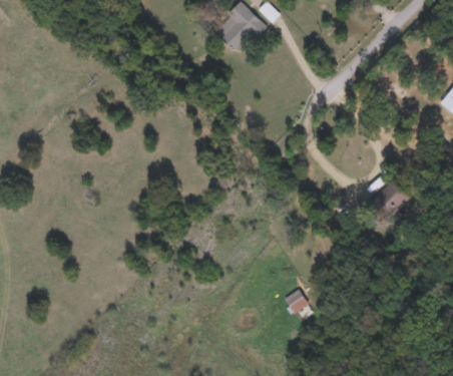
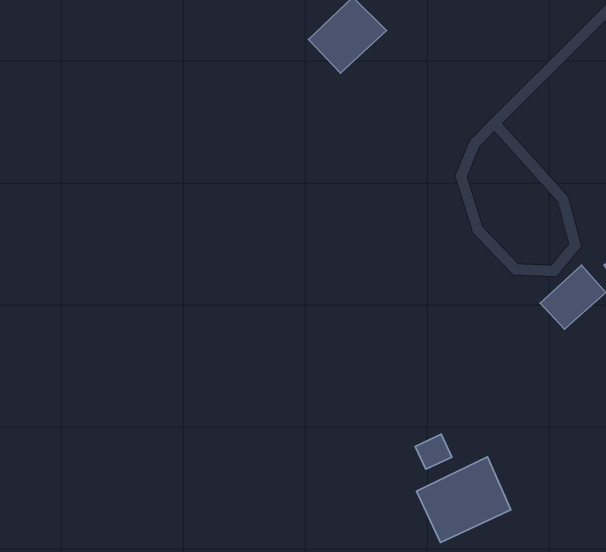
building: none -> [417,457,511,542]

